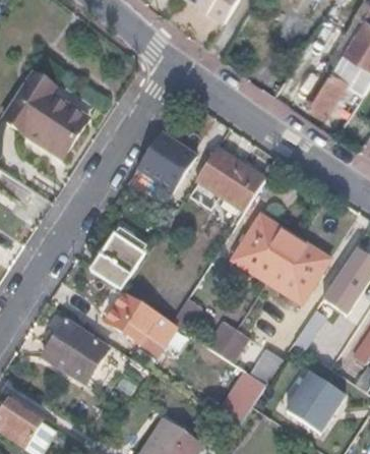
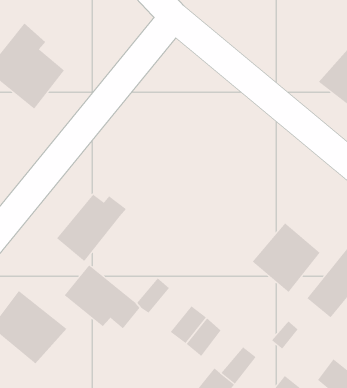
building: [134,129,195,188] -> none
building: [186,147,263,208] -> none
building: [235,214,293,273] -> none

